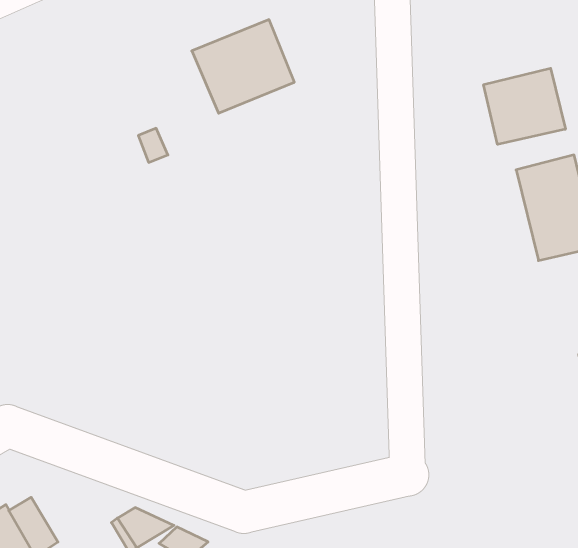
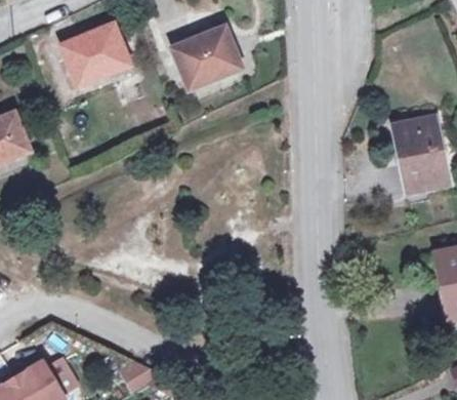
building: none -> [58,23,128,87]
building: [484,68,565,144] -> none

